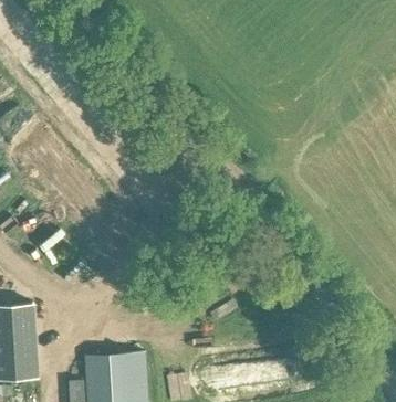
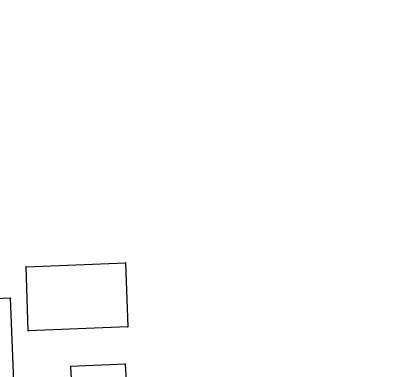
building: none -> [26,263,128,331]

